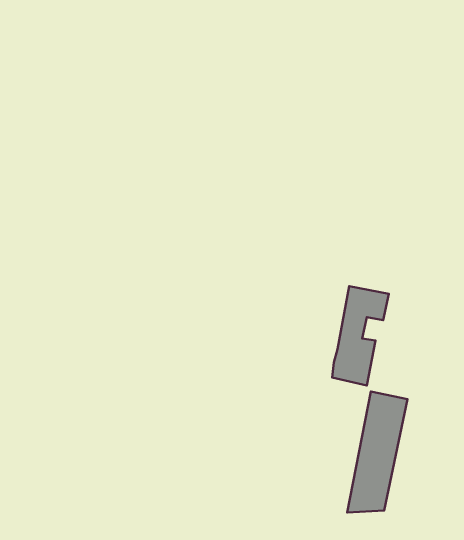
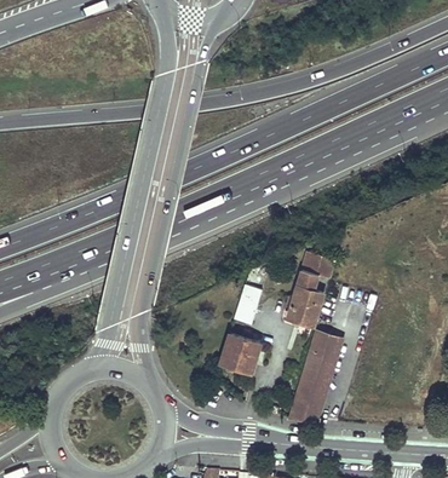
building: none -> [232,286,262,326]
building: none -> [219,334,259,373]

